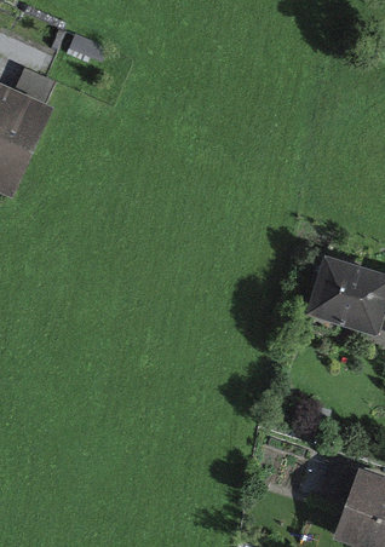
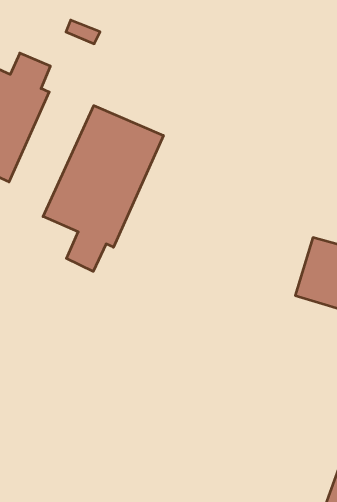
building: none -> [43,106,163,271]

